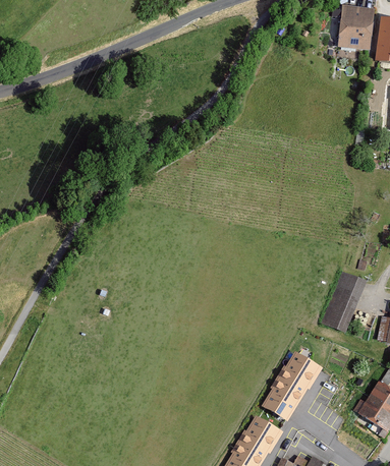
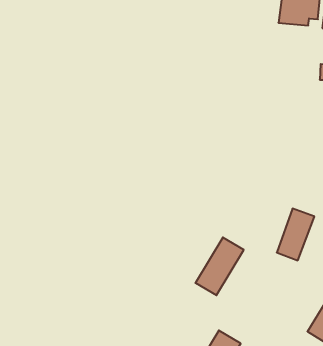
building: [262,348,318,415] -> [195,237,244,295]

